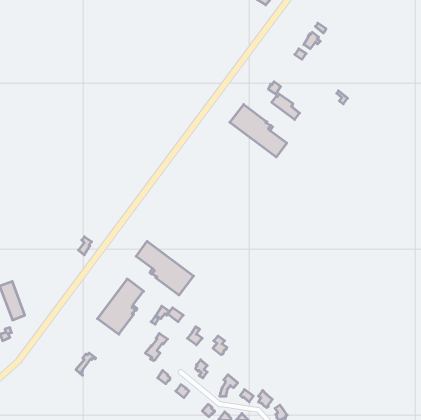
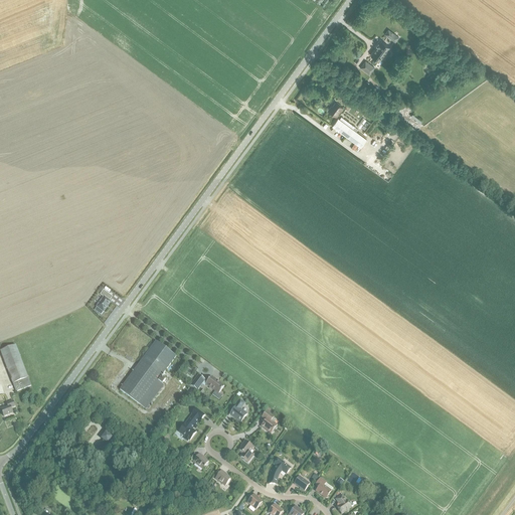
building: [230,104,287,157] -> none
building: [136,241,194,295] -> none

